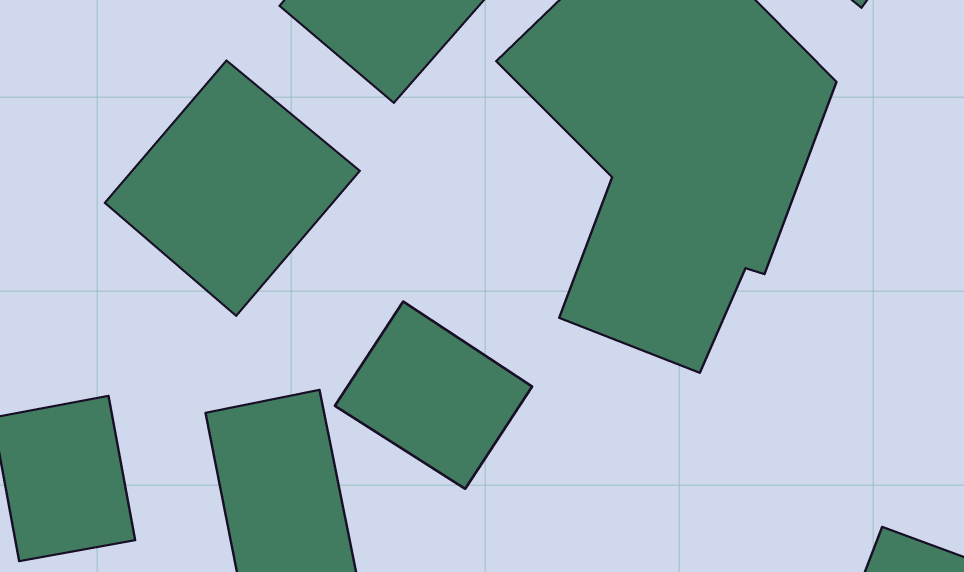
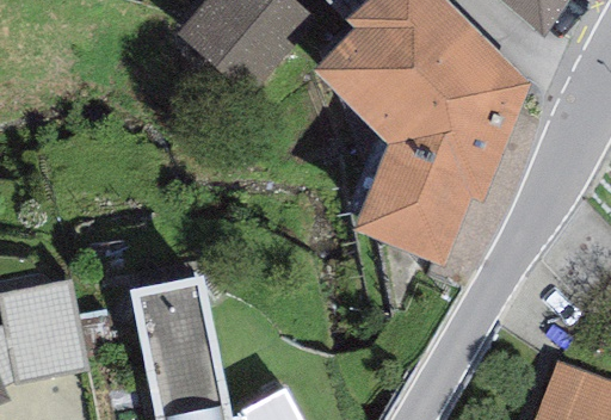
building: [105,60,360,316] -> none
building: [335,302,532,489] -> none

